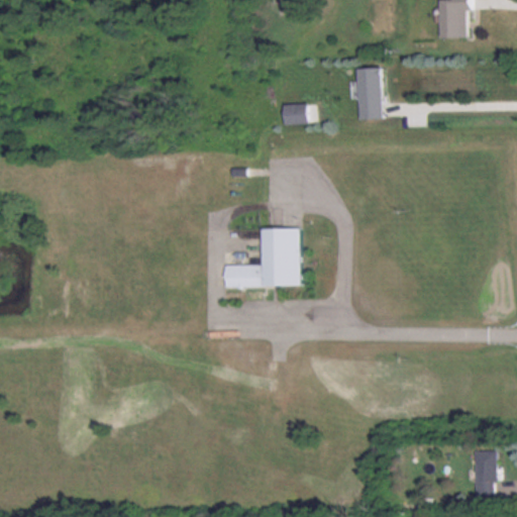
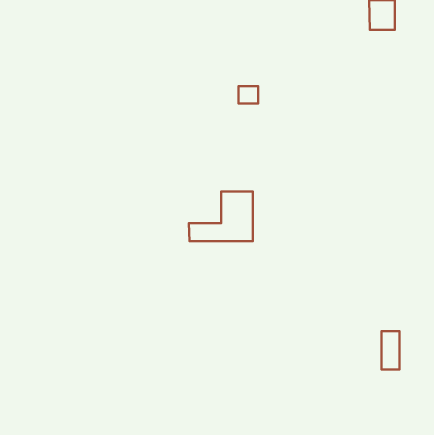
building: [356,68,382,119] -> none
building: [475,451,496,497] -> [381,331,399,369]

